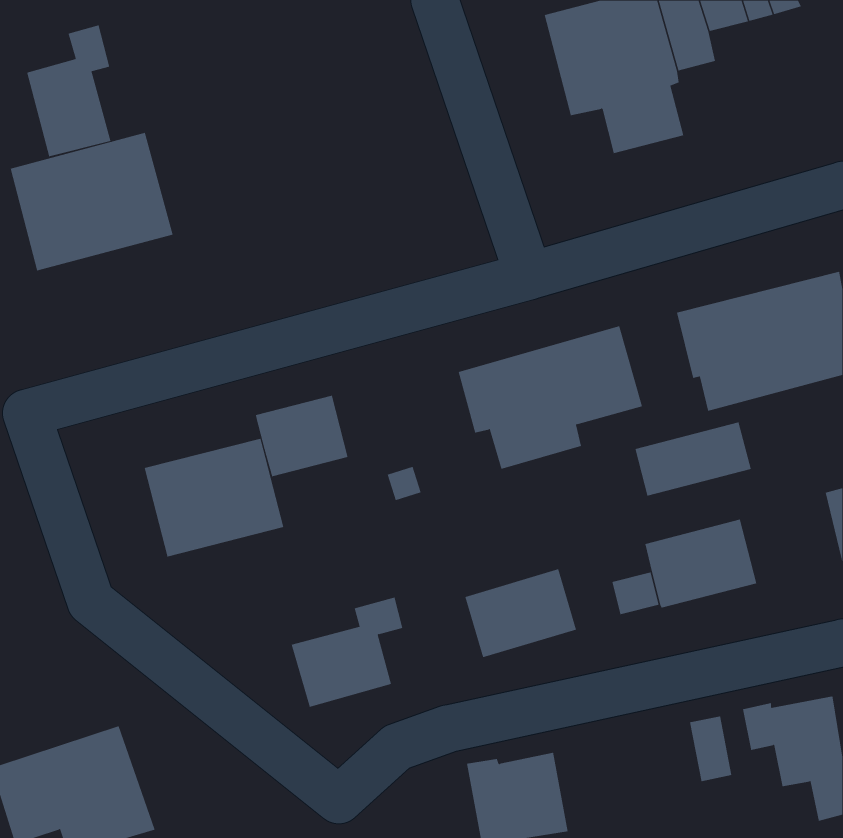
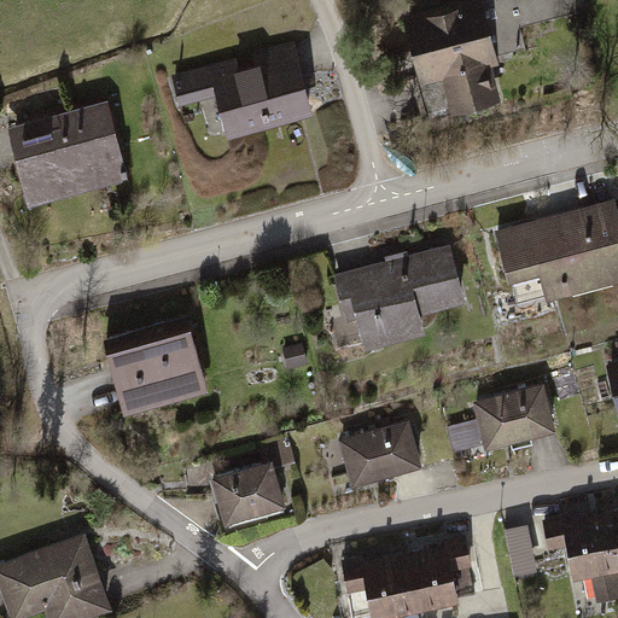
building: [26,25,111,157] -> none
building: none -> [170,46,313,136]
building: [256,395,348,477] -> none
building: [635,422,751,496] -> none
building: none -> [404,538,477,612]

